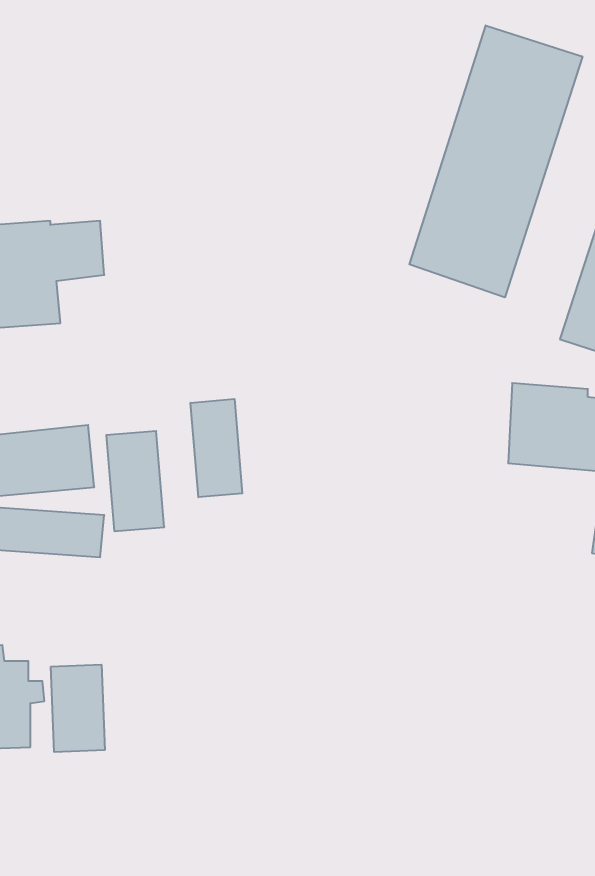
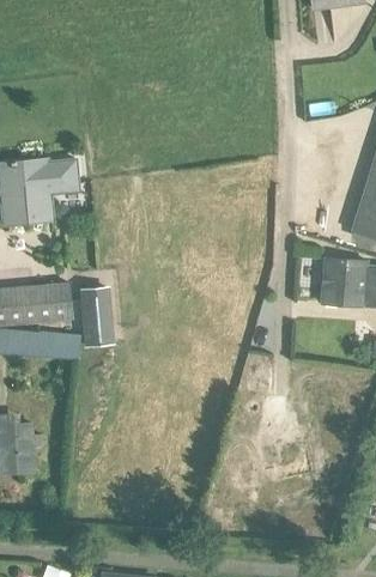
building: [409,25,582,297] -> none
building: [191,399,242,497] -> none
building: [51,665,105,752] -> none

